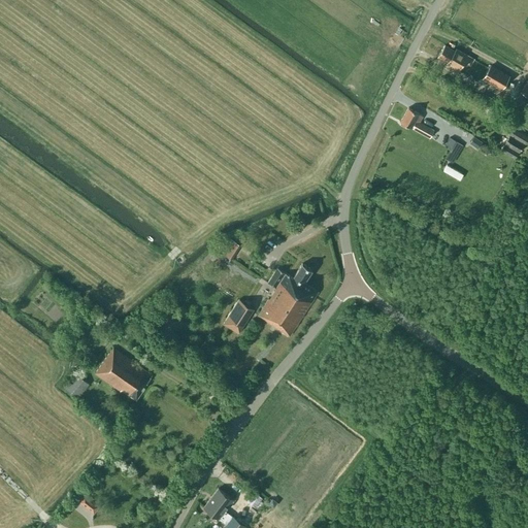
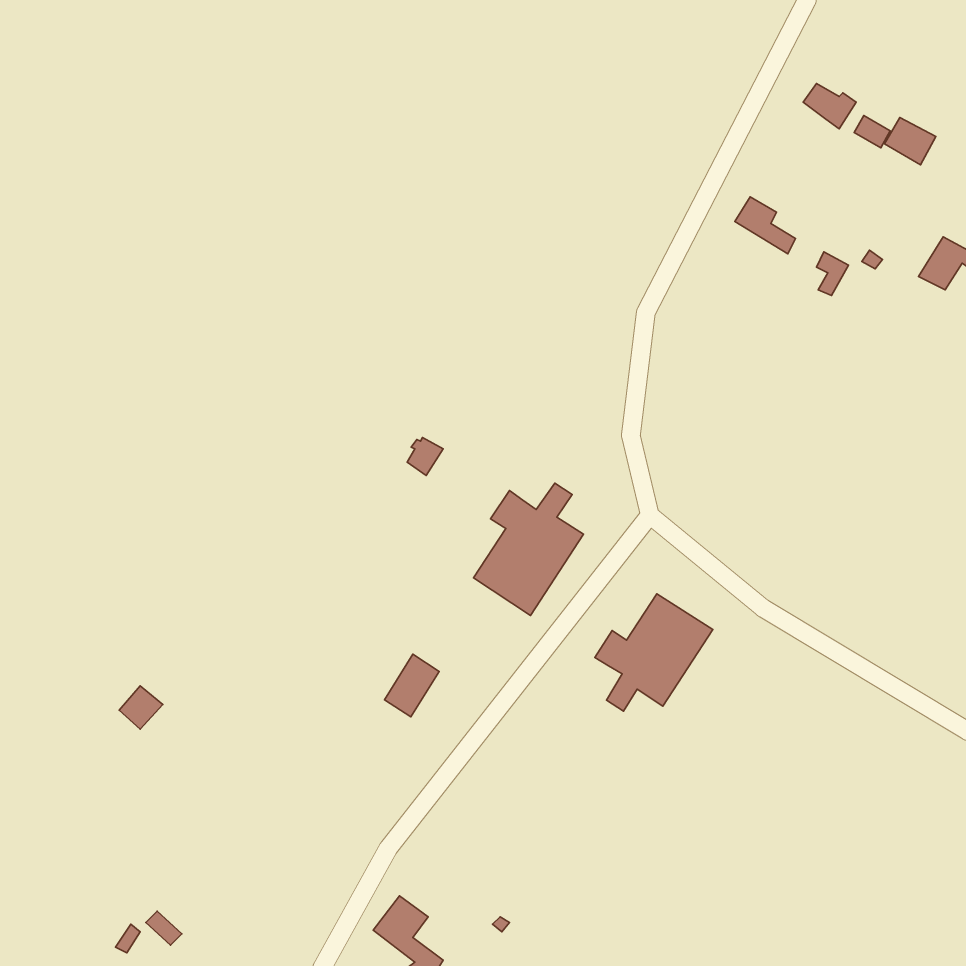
building: [225,299,255,333] -> [384,654,439,717]
building: none -> [595,594,713,711]
building: [96,349,153,400] -> none

